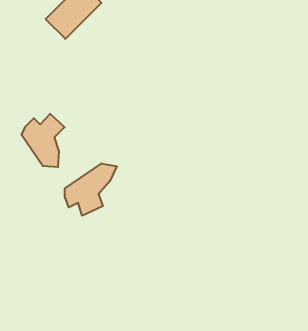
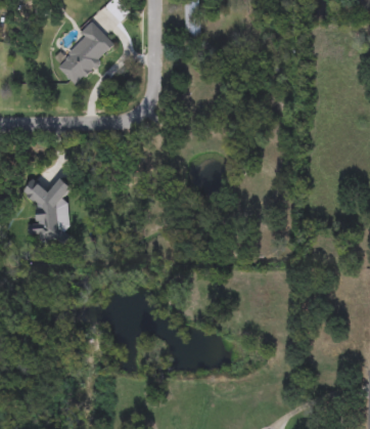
building: [65,163,117,216] -> none

